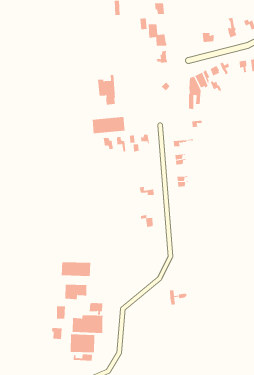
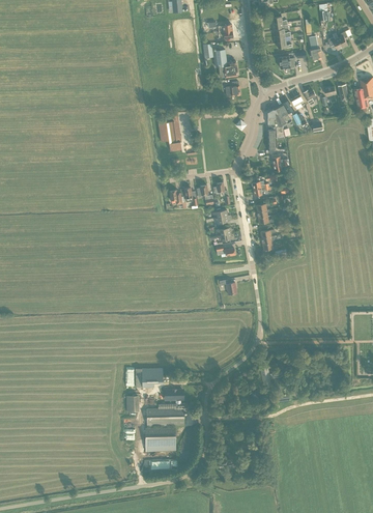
building: [92,116,125,134] -> none
building: [61,261,91,277] -> none

